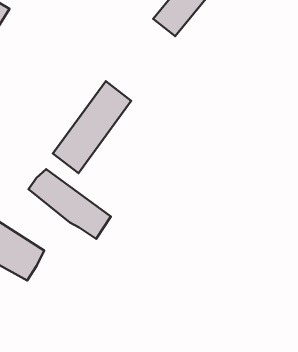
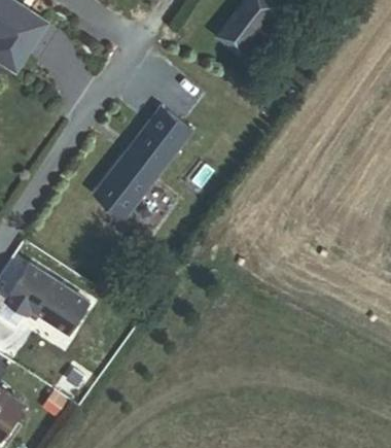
building: [28,169,111,239] -> none

